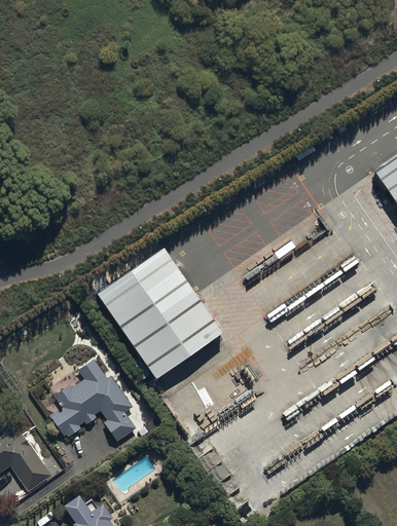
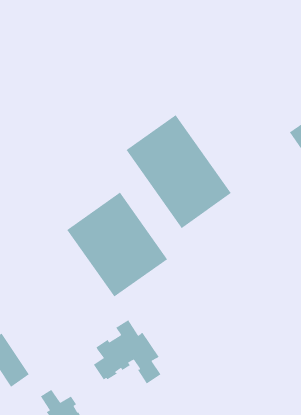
building: none -> [125,114,232,229]
building: [51,359,137,440] -> [93,319,162,384]

